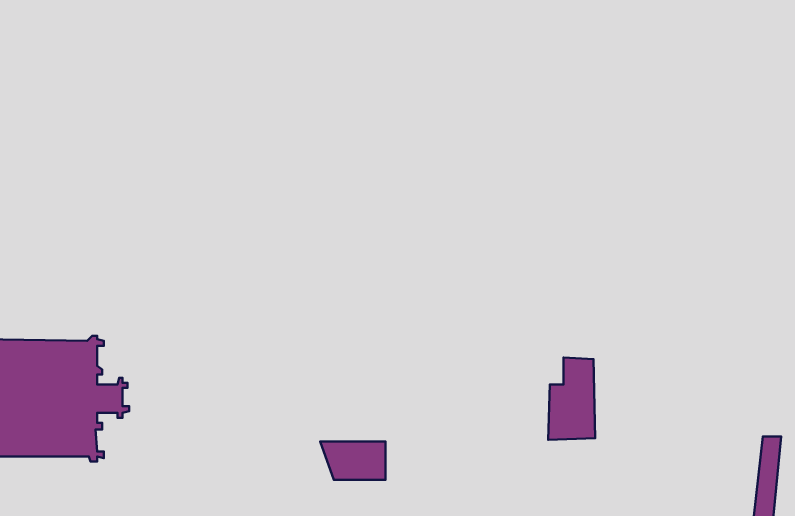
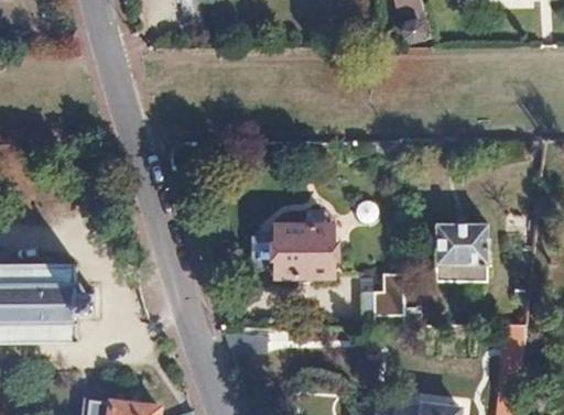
building: none -> [435,225,486,280]
building: none -> [274,226,330,276]

